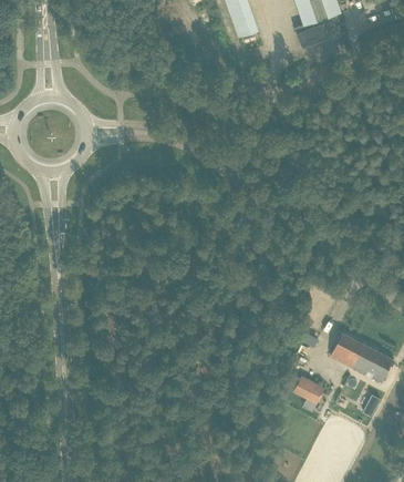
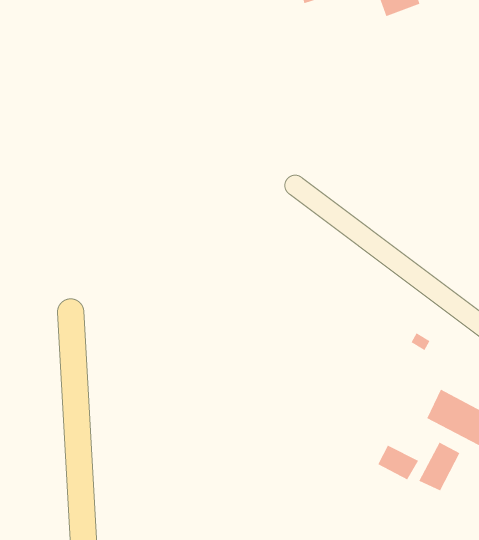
building: none -> [418,441,460,491]

